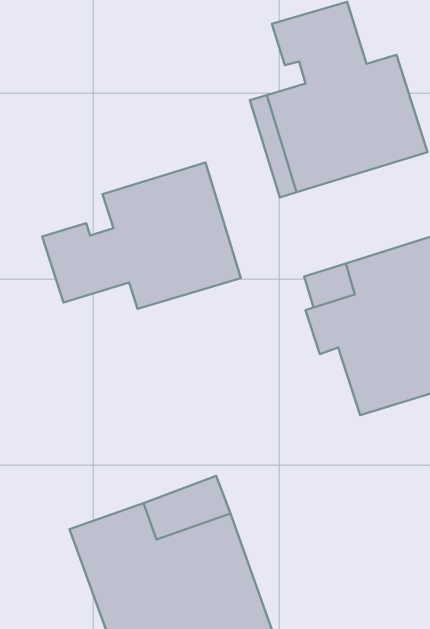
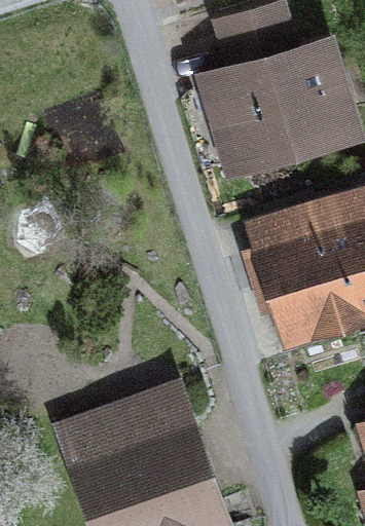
building: [42,163,241,309] -> none

